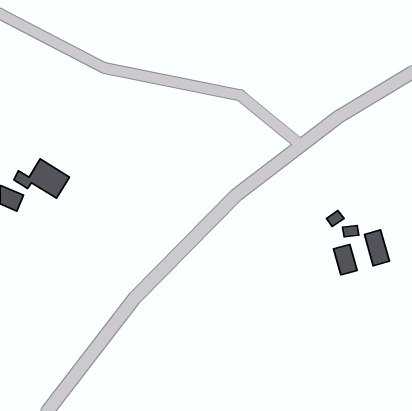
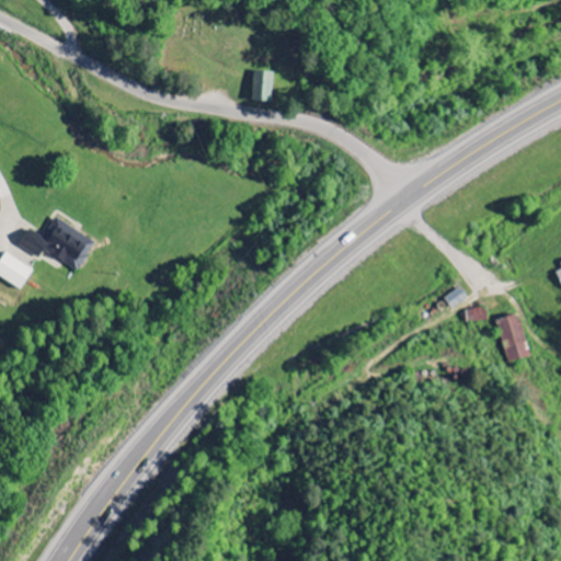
building: none -> [251,71,273,102]
building: [333,245,357,275] -> none

